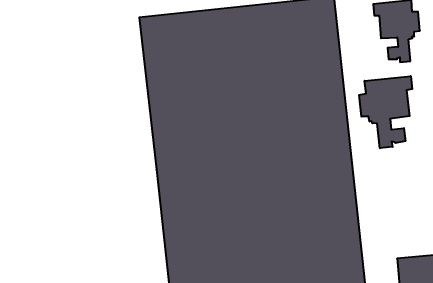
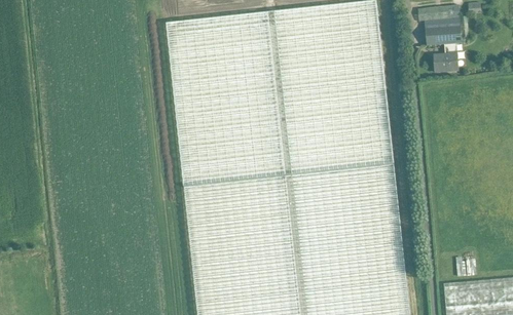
building: [359,76,412,148] -> none

